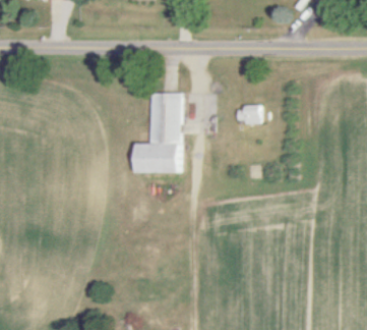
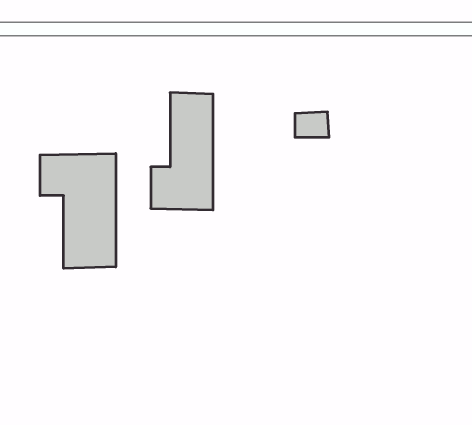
building: none -> [40,153,116,268]

